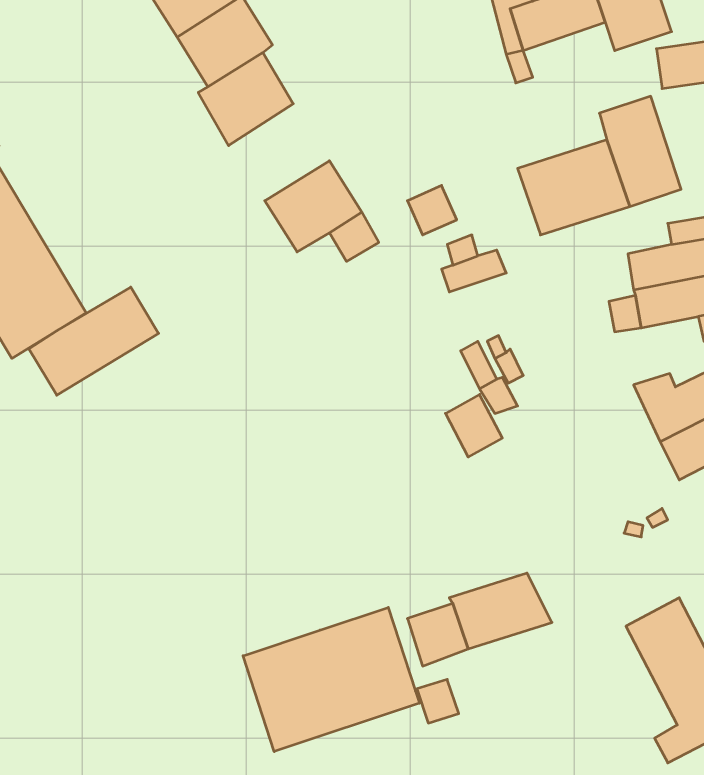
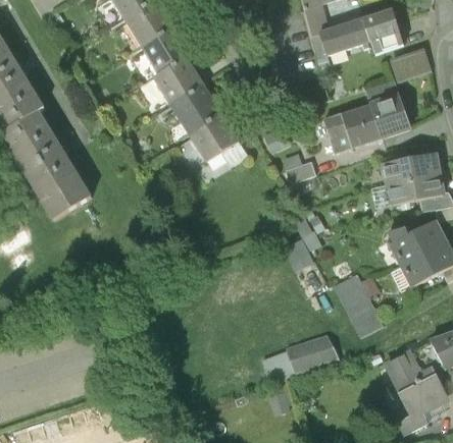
building: none -> [167,82,221,134]
building: [29,287,159,395] -> none
building: none -> [335,273,384,336]
building: [243,607,419,752] -> none

